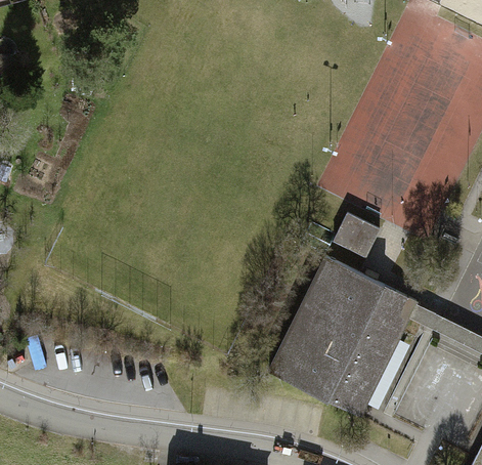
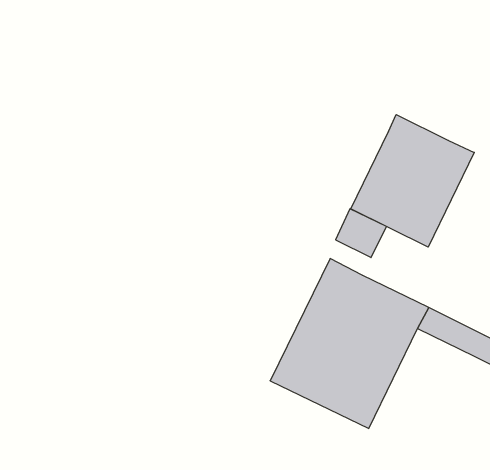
building: none -> [351,115,474,247]

